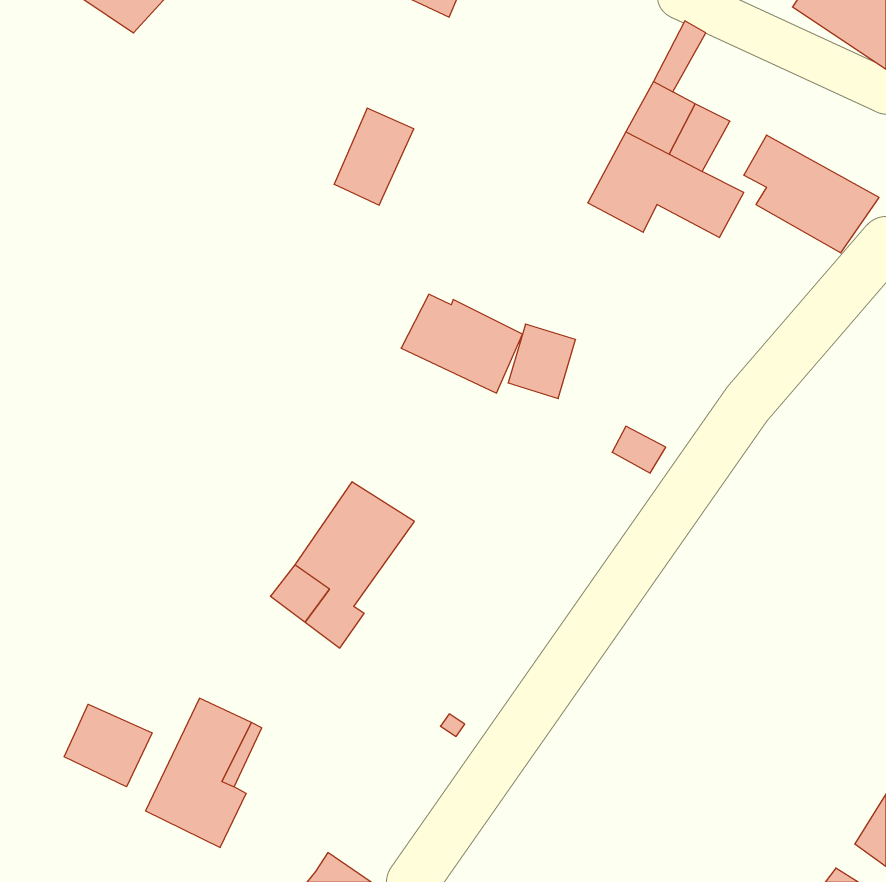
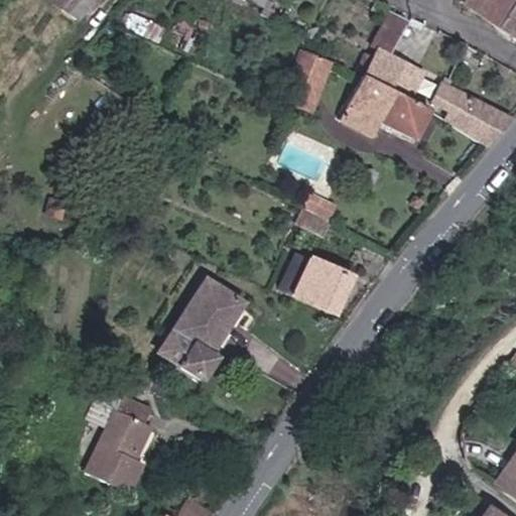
building: [334,108,414,205] -> [287,50,334,107]
building: [401,294,522,393] -> [283,254,354,311]
building: [64,704,152,787] -> none

